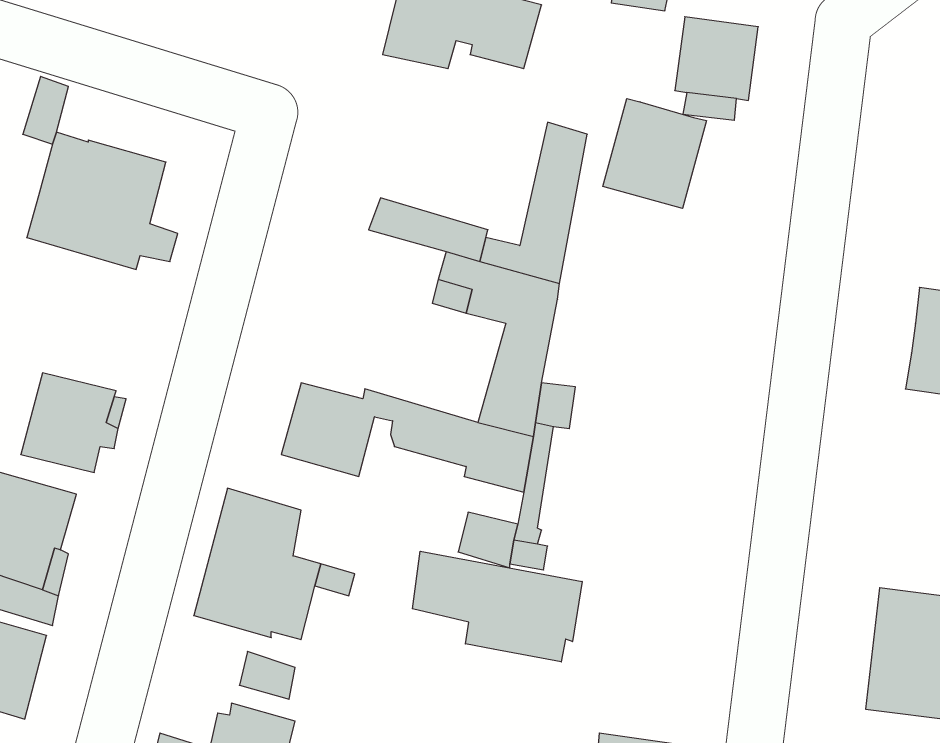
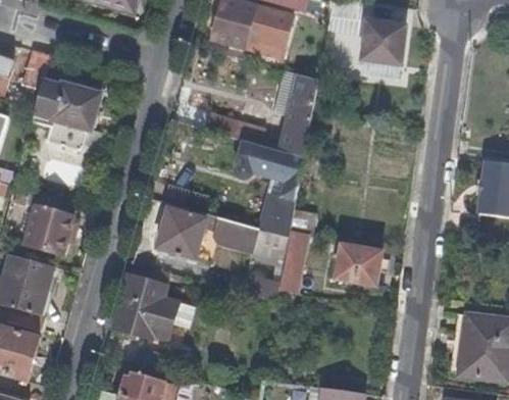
building: [603,99,706,208] -> none
building: none -> [337,245,380,285]
building: [412,551,582,662] -> none

